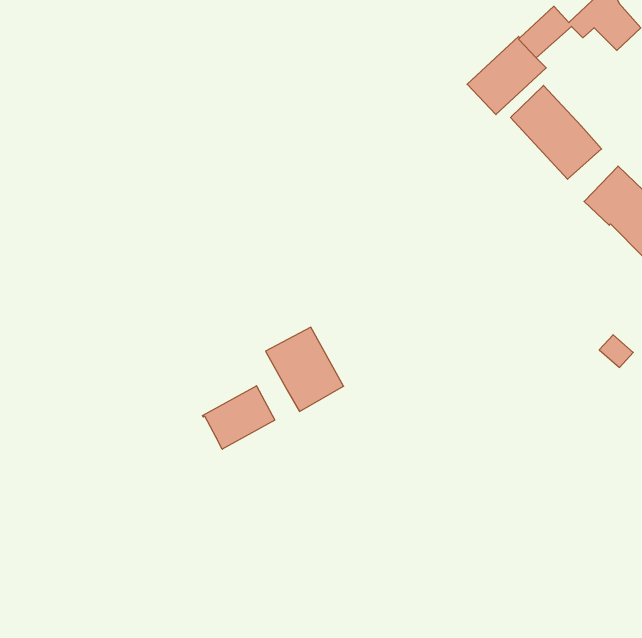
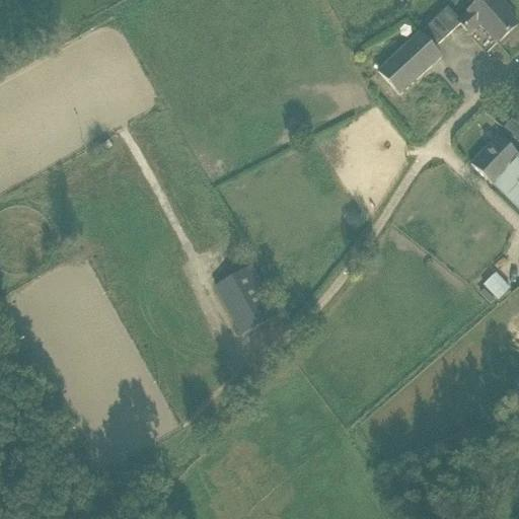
building: [511,85,602,179] -> none
building: [203,386,275,449] -> none

